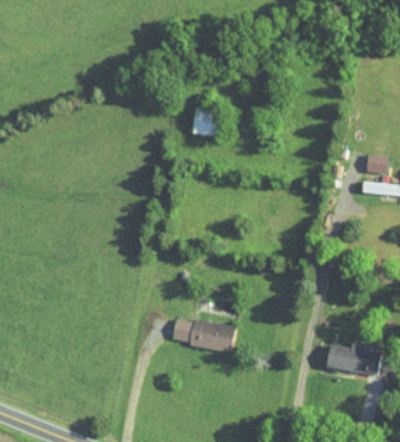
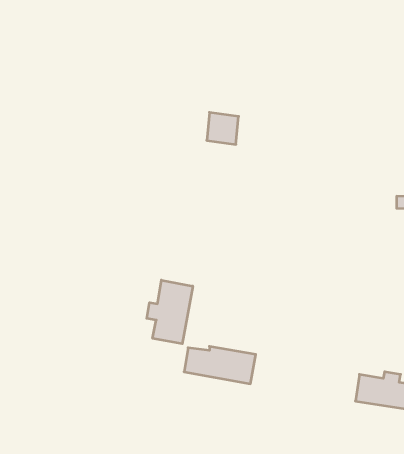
building: none -> [147,280,193,344]

